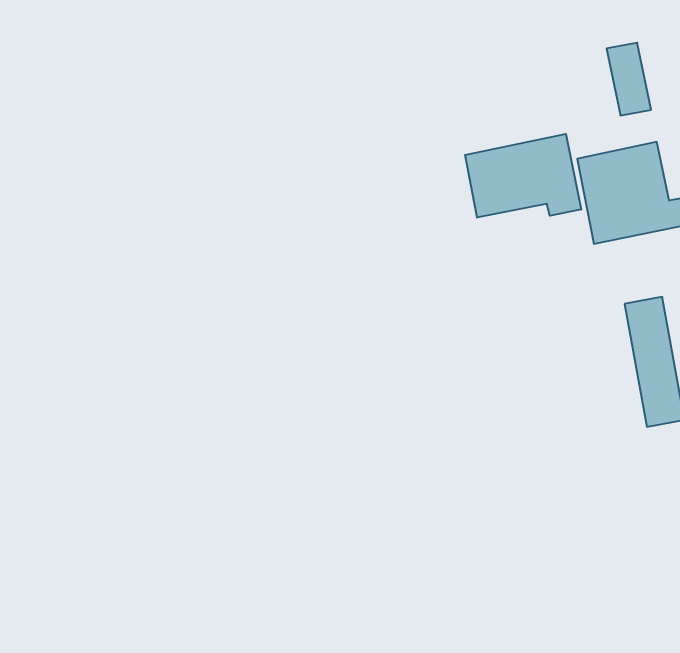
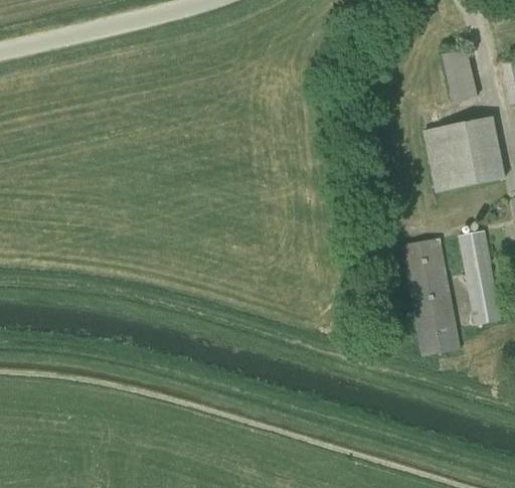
building: [465,134,581,218] -> none
building: none -> [400,237,460,355]

